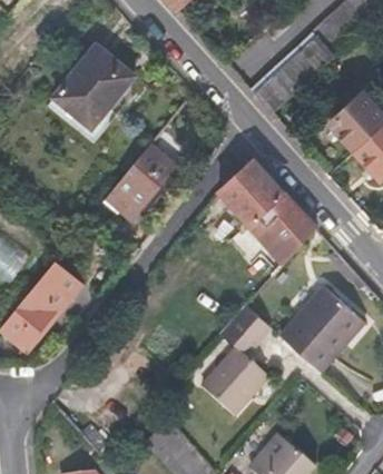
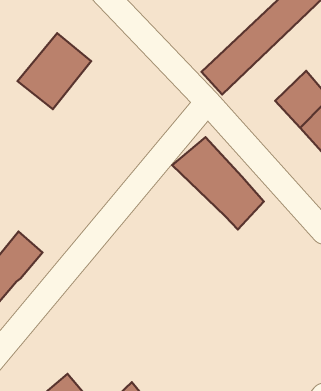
building: [105,144,175,218] -> none
building: [284,286,366,368] -> none
building: [202,303,272,411] -> none

